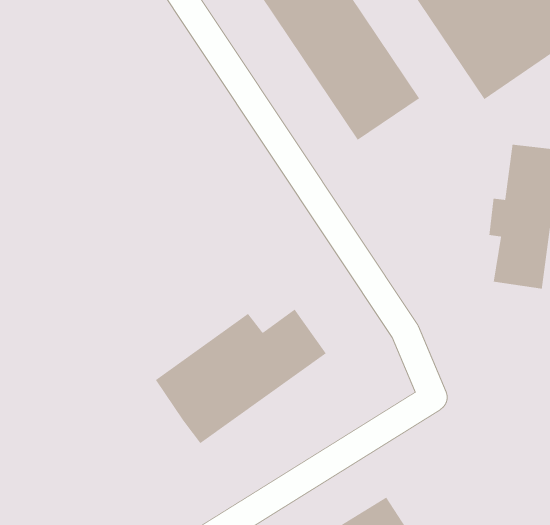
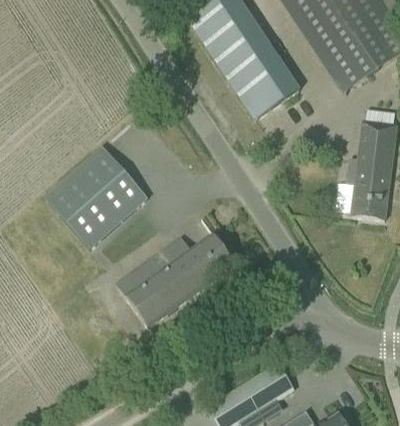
building: none -> [44,145,148,248]

